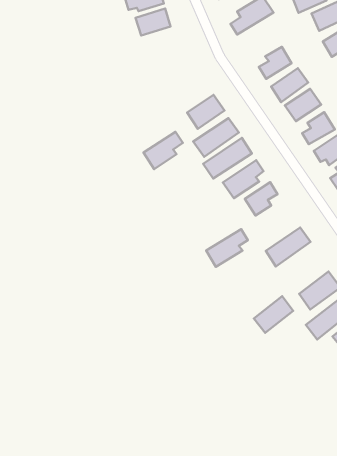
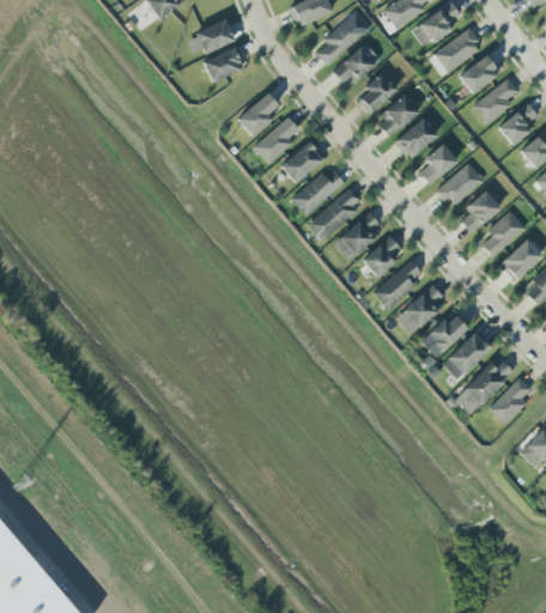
building: none -> [333,47,376,83]
building: none -> [237,92,279,136]
building: [143,132,183,169] -> [254,116,299,164]
building: [206,229,248,267] -> [374,260,421,309]
building: [254,296,293,333] -> [423,311,468,358]

